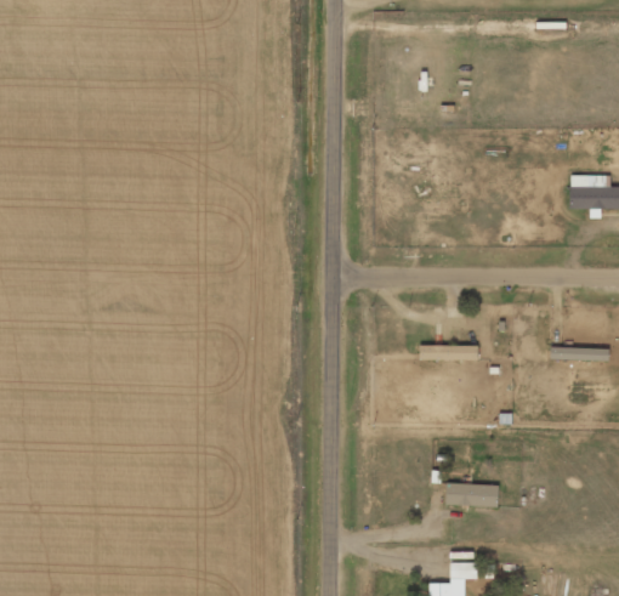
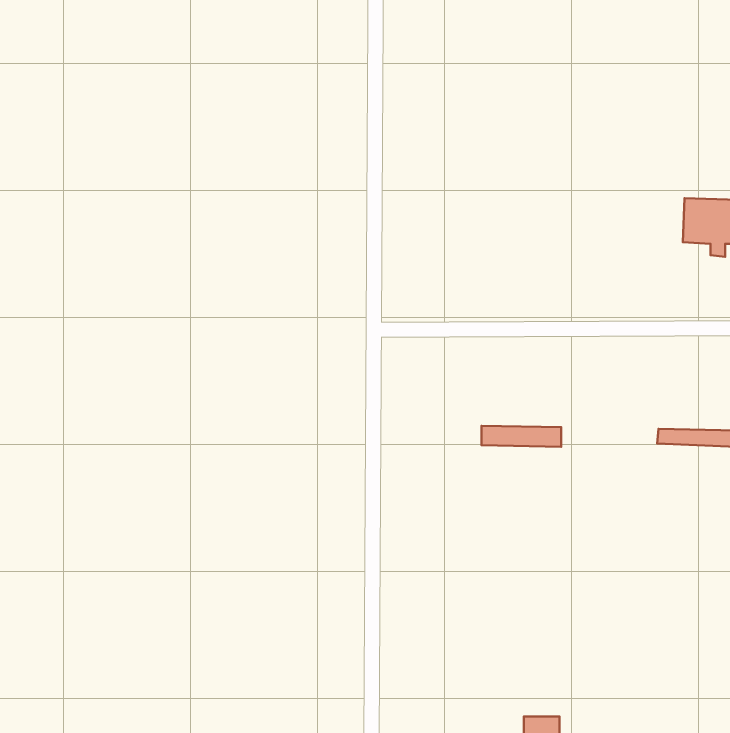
building: [445,483,500,506] -> none

